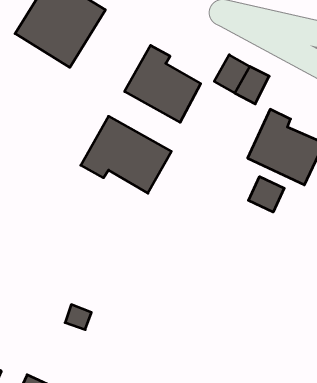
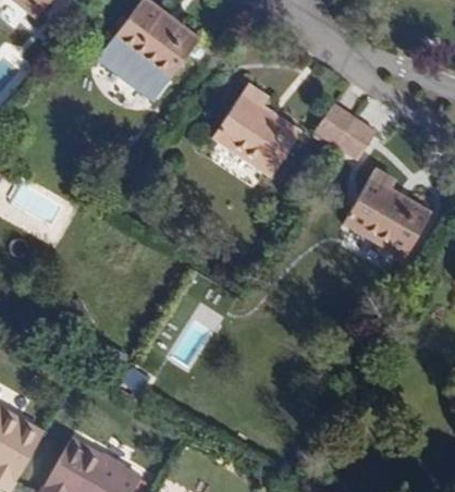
building: [81,116,171,193] -> none
building: [248,177,284,212] -> none

